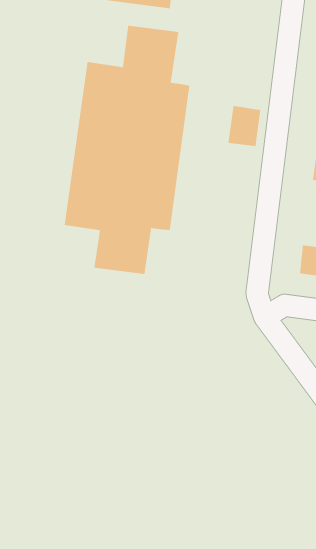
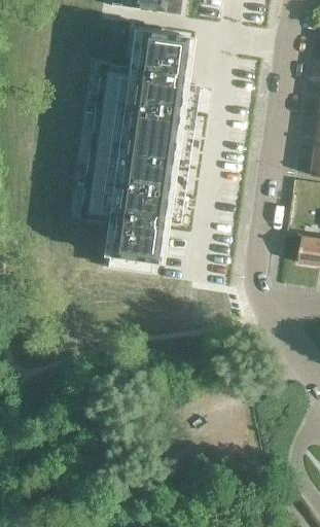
building: [228,105,261,147] -> none

